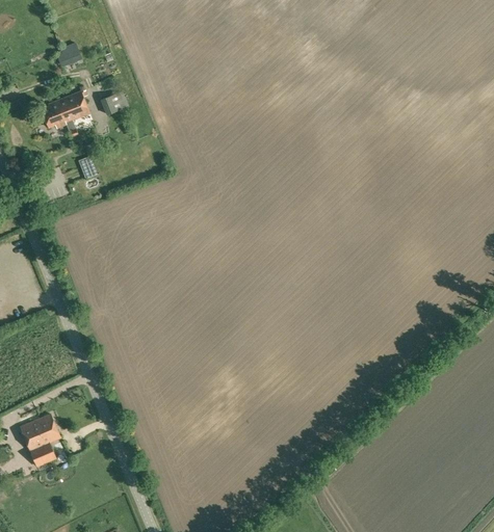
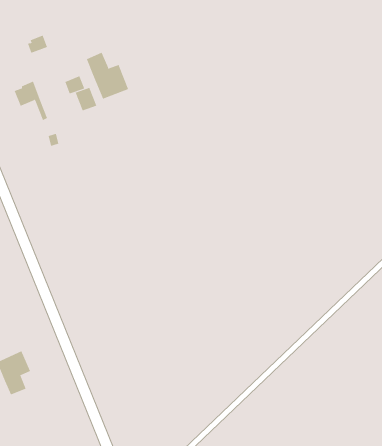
building: none -> [86,52,129,100]
building: [63,92,89,121] -> [75,87,97,111]

